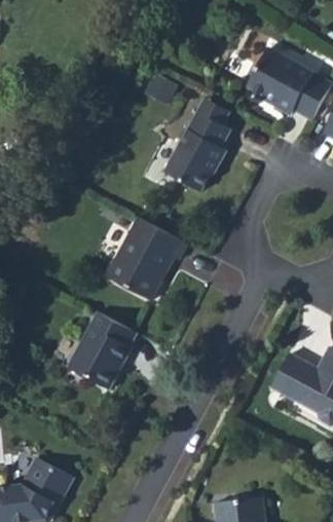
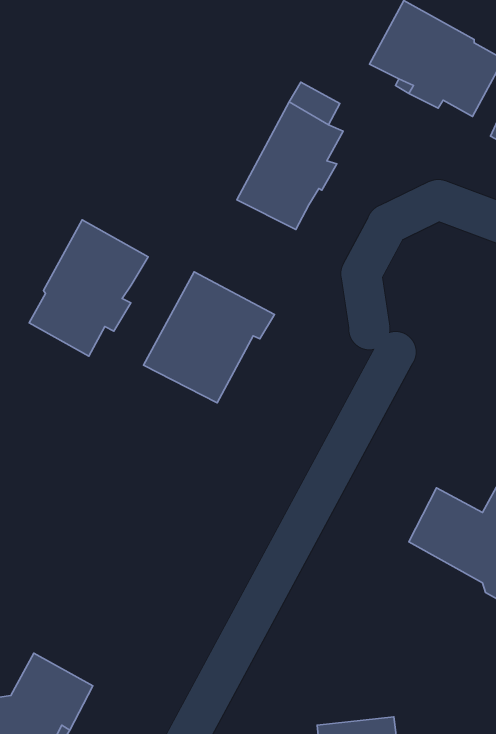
building: none -> [29,220,148,356]
building: [68,311,136,388] -> none

